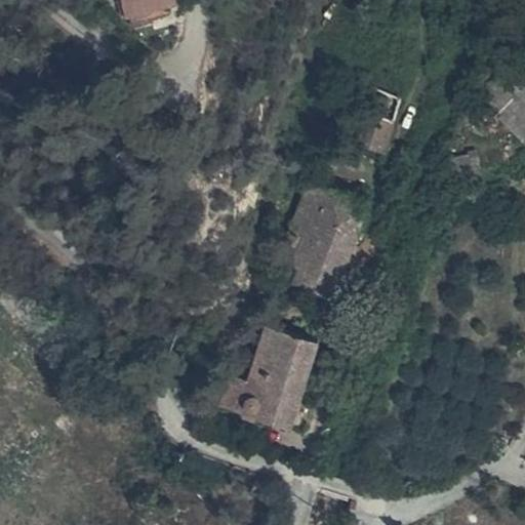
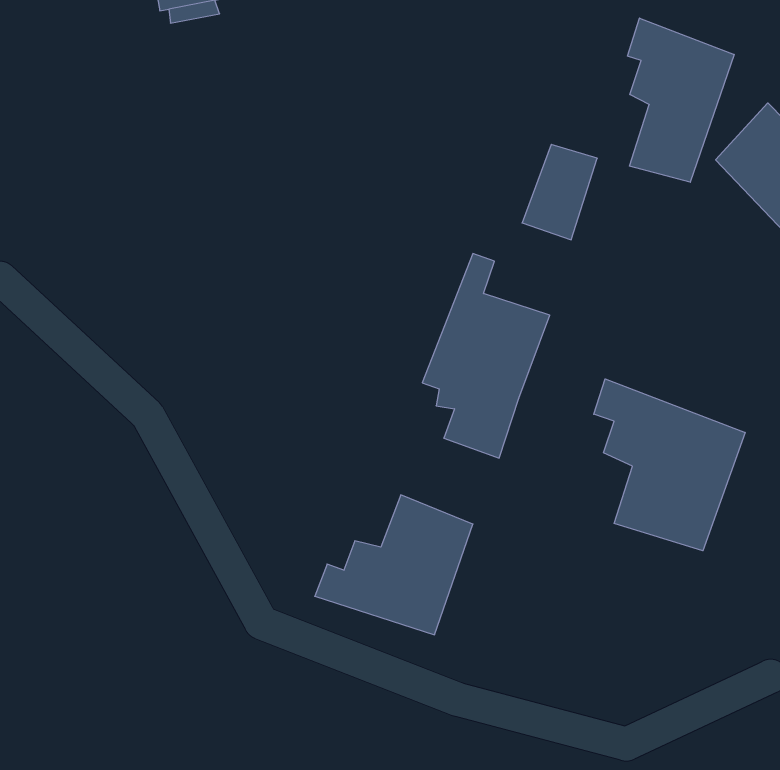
building: none -> [627,18,734,182]
building: none -> [594,379,745,551]

